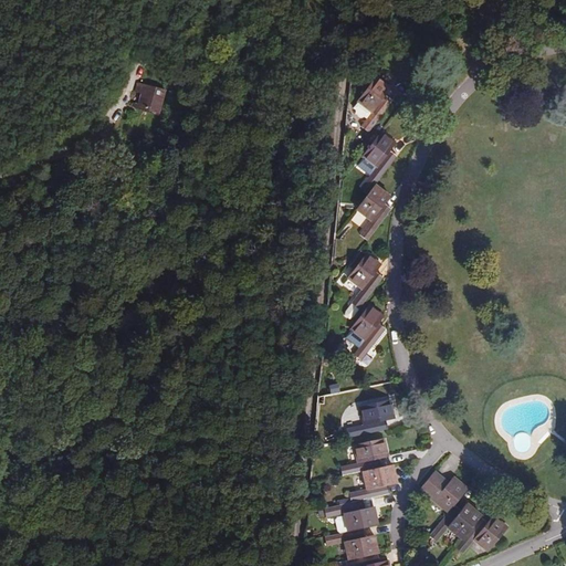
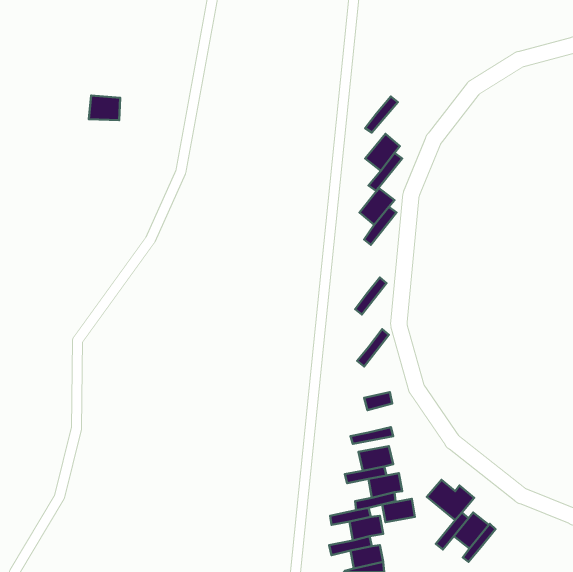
building: [357,76,390,112] -> none
building: [133,83,164,107] -> [89,96,120,120]
building: [346,254,380,290] -> none
building: [348,305,382,342] -> none
building: [360,401,394,426] -> none
building: none -> [382,499,415,522]
building: [474,516,507,551] -> none

